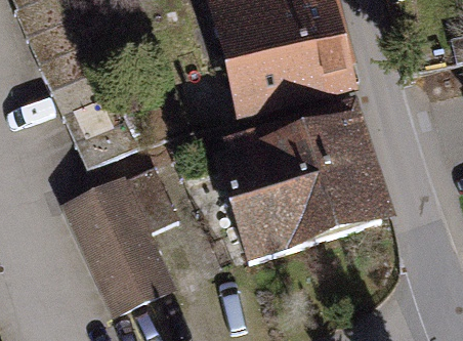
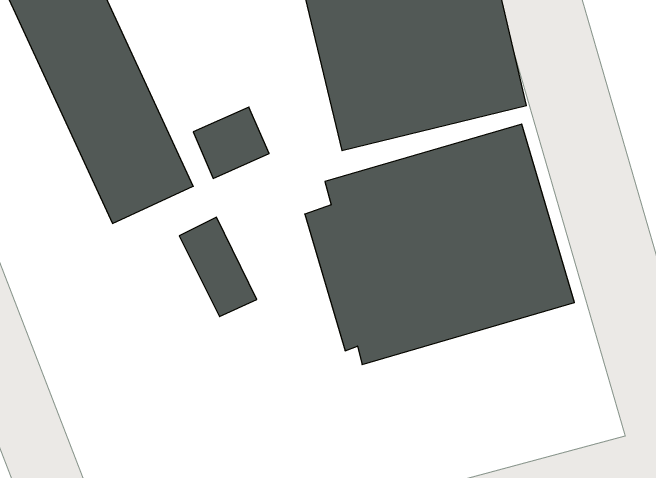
building: [62,174,176,314] -> none

